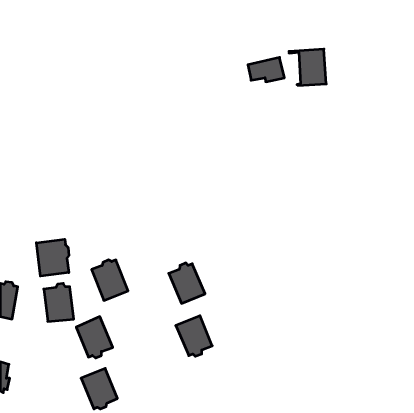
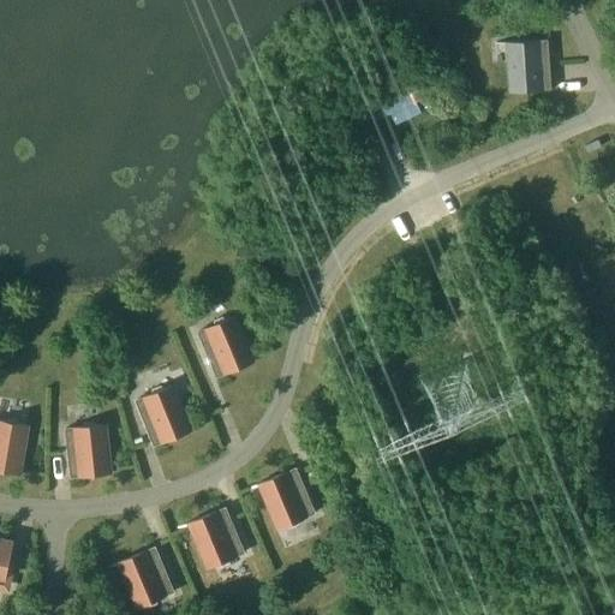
building: [289,49,326,85] -> [496,40,551,94]
building: [36,239,69,276] -> none
building: [169,263,205,303] -> [198,317,252,377]
building: [76,317,113,358] -> [191,508,245,569]

